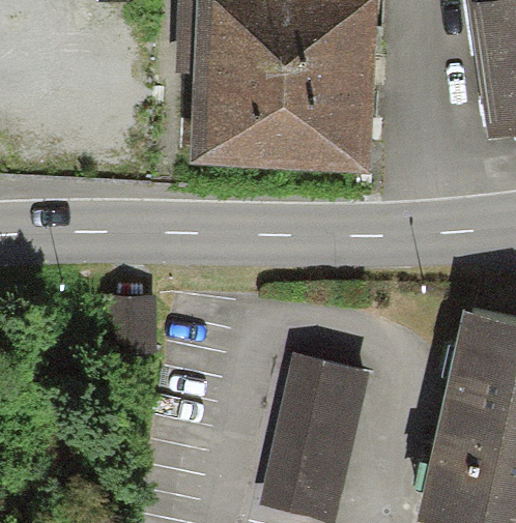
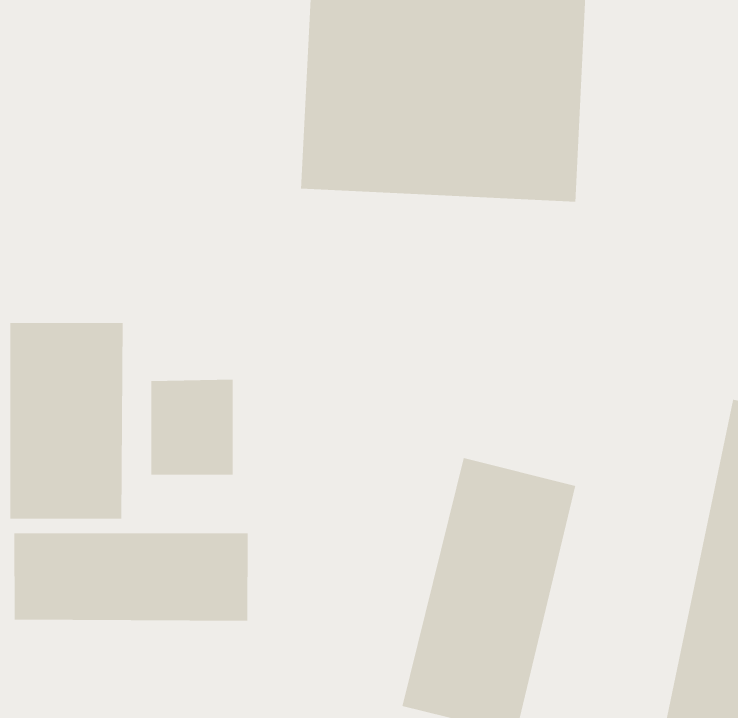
building: none -> [10,322,124,520]
building: none -> [14,532,248,621]

